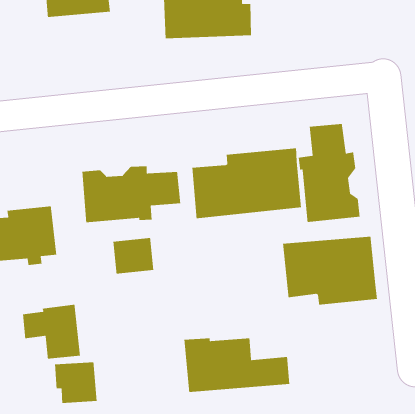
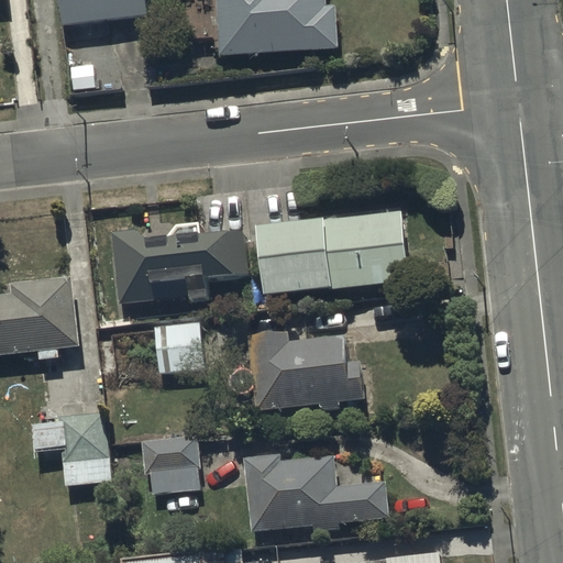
building: [298,123,360,223] -> none
building: [282,236,378,305] -> none
building: none -> [246,331,361,410]
building: [54,361,97,404] -> [140,434,198,492]

